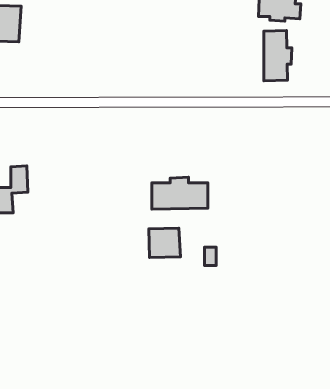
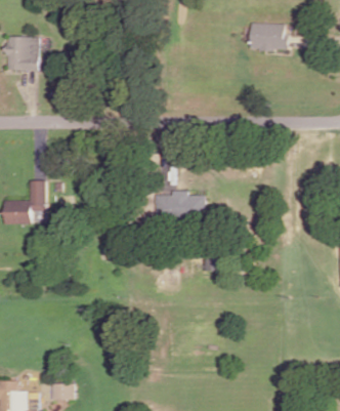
building: [264,31,292,81] -> none
building: [149,228,180,258] -> none

